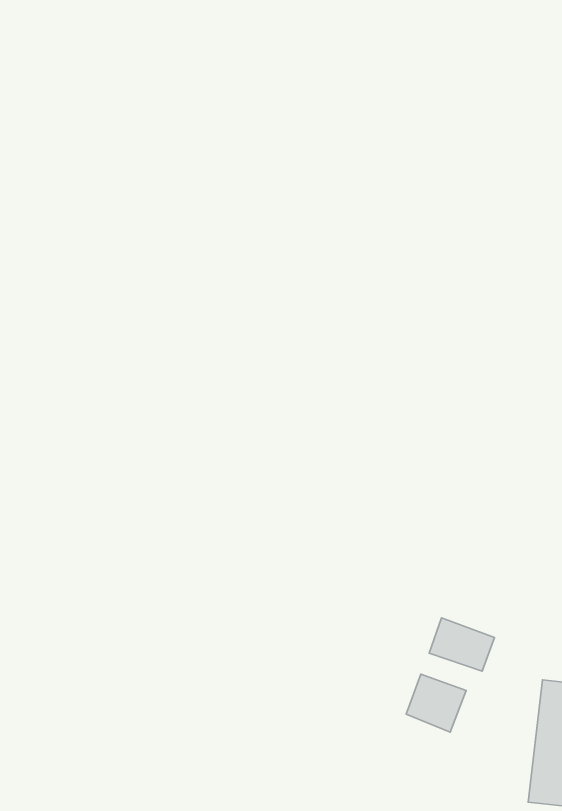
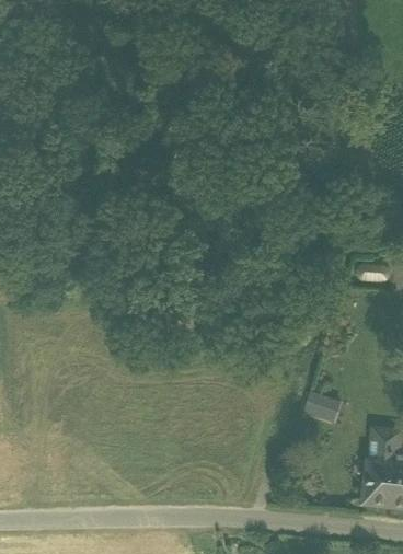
building: [406,674,466,732] -> none

